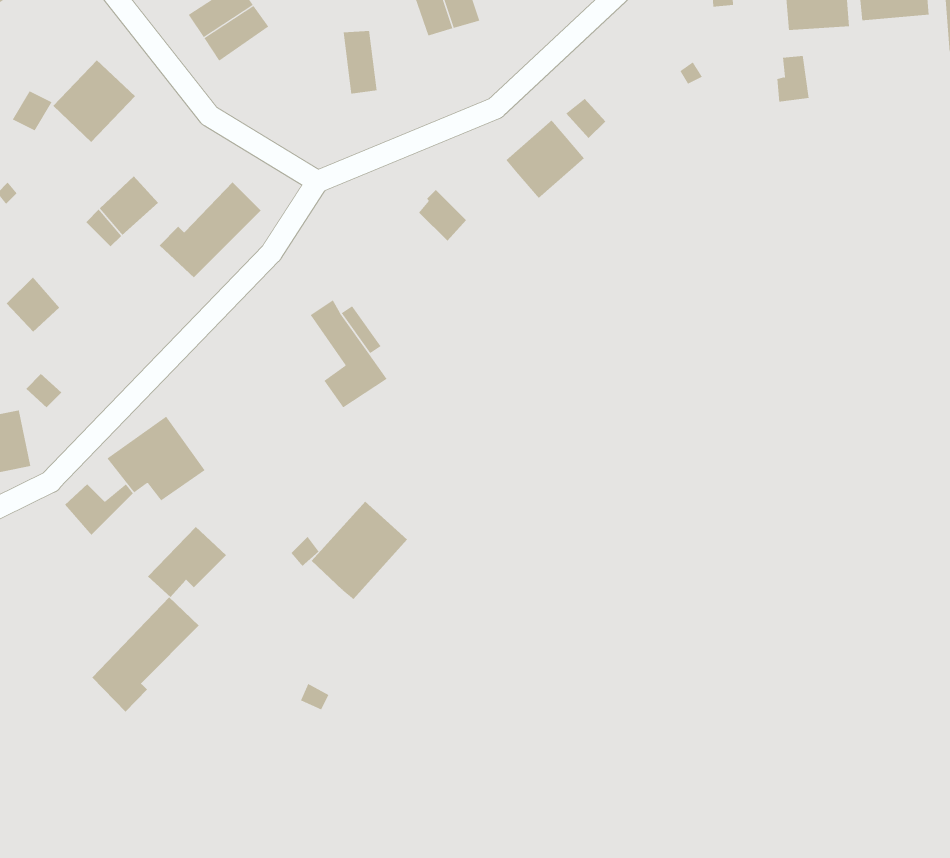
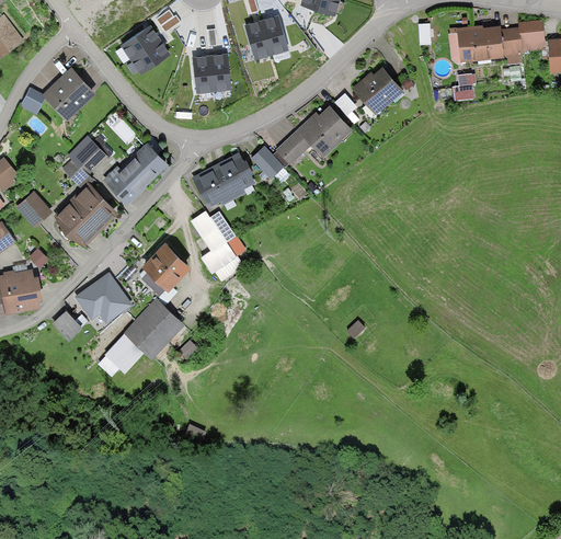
building: none -> [195,57,215,93]
building: none -> [353,66,400,107]
building: none -> [277,126,308,159]
building: none -> [195,154,251,200]
building: none -> [57,183,114,240]
building: none -> [142,241,186,290]
building: [311,501,408,600] -> [127,302,182,358]
building: [92,597,199,712] -> none

